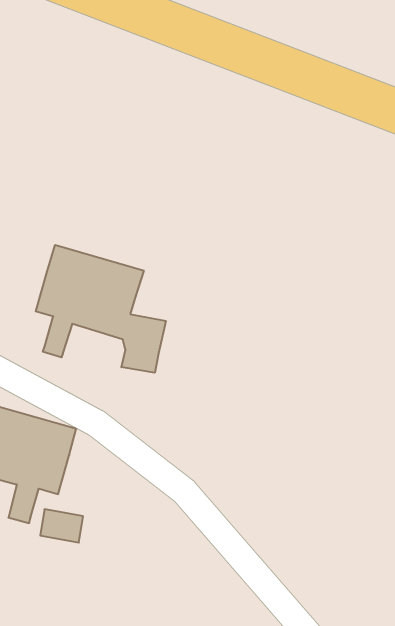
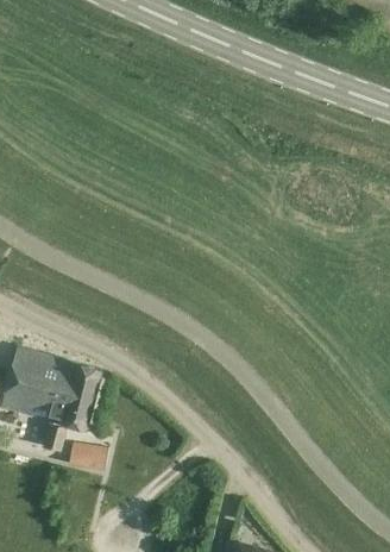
building: [36,245,166,373] -> none

